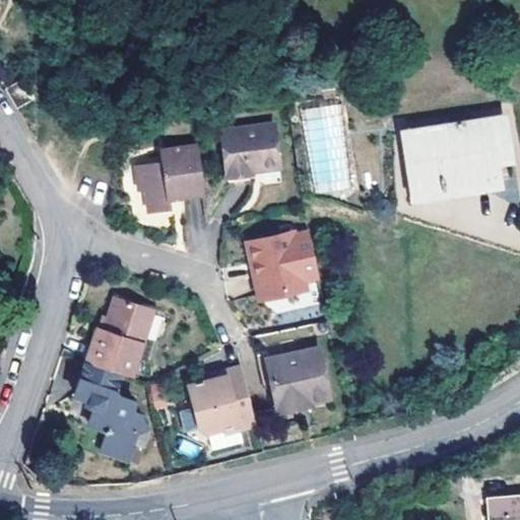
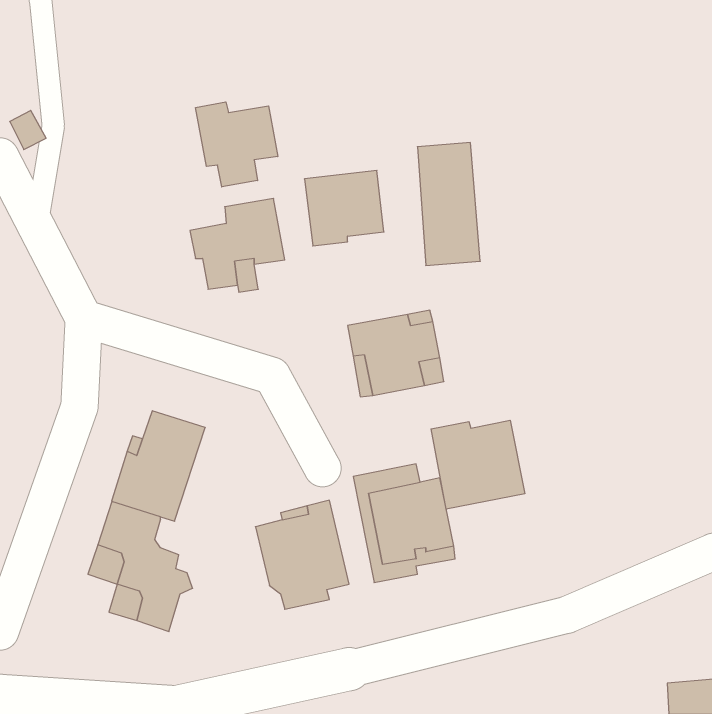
building: none -> [196,102,278,187]
building: [406,118,509,191] -> none
building: none -> [431,420,525,509]

